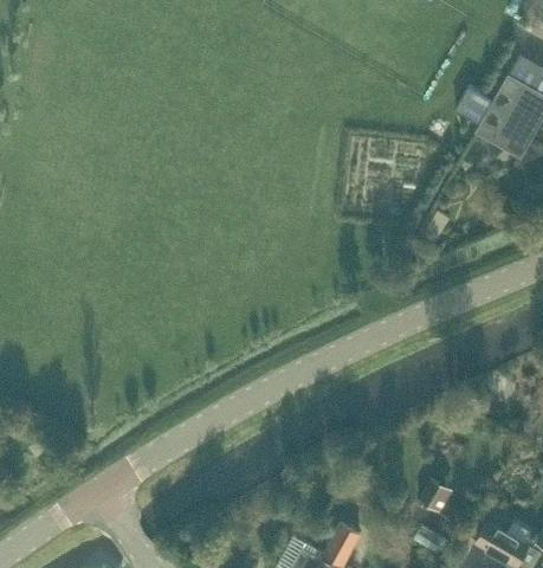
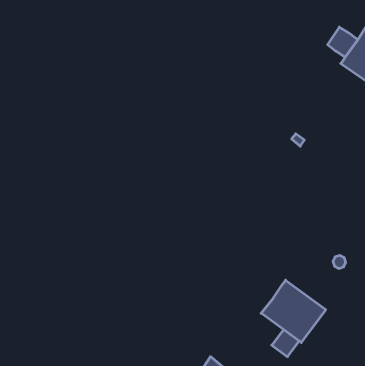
building: none -> [261,280,326,343]

